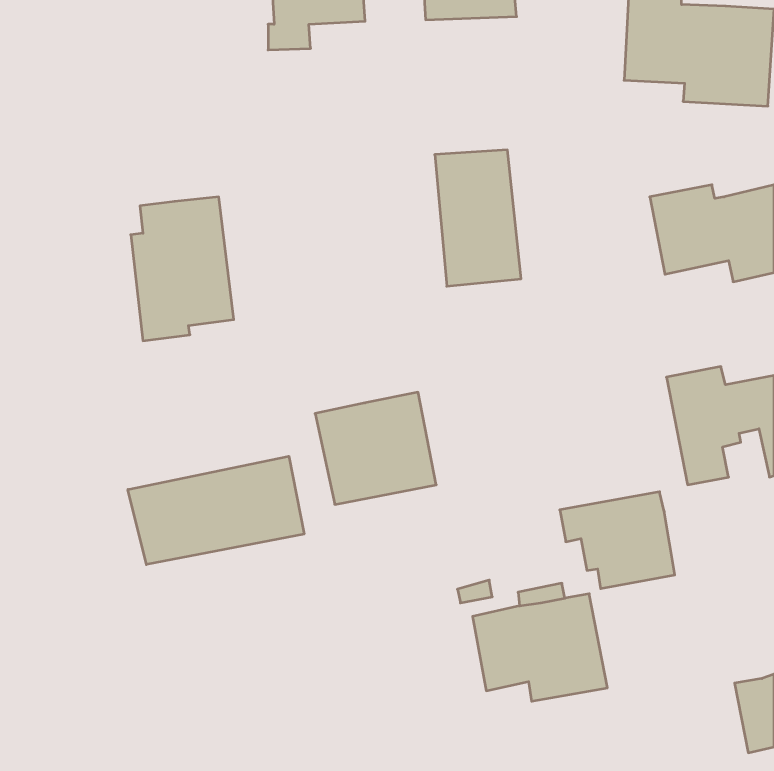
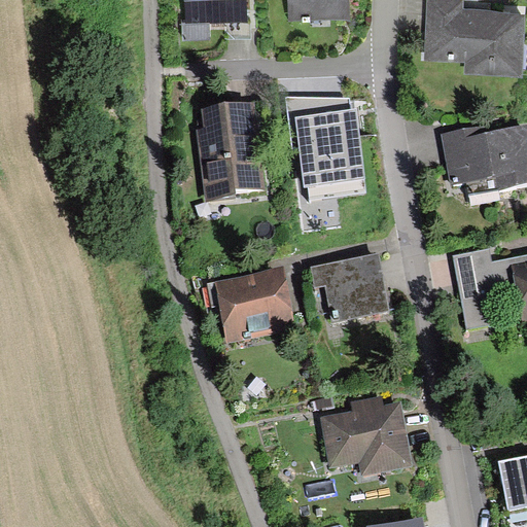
building: [131,197,234,341] -> [196,103,266,201]
building: [128,456,304,565] -> none
building: [560,492,675,589] -> [311,253,389,319]

